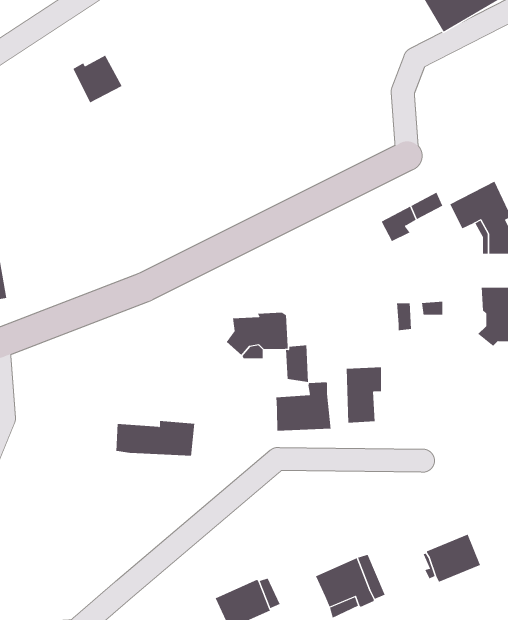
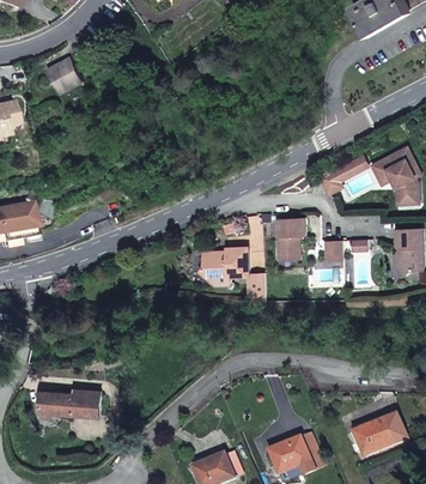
building: [73,55,123,103] -> [48,58,86,95]
building: [346,367,382,423] -> [279,216,306,259]
building: [276,382,331,432] -> none
building: [115,420,195,456] -> [41,388,102,416]

